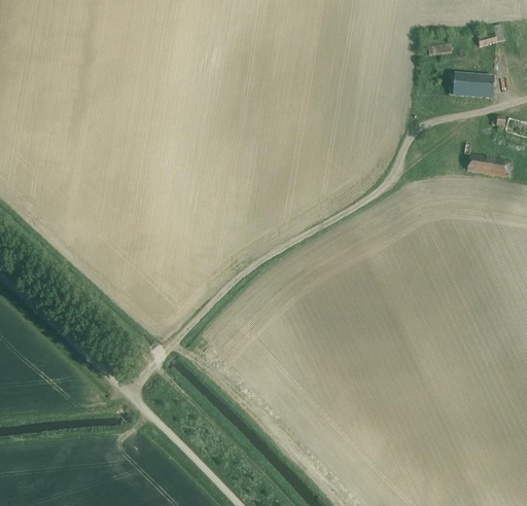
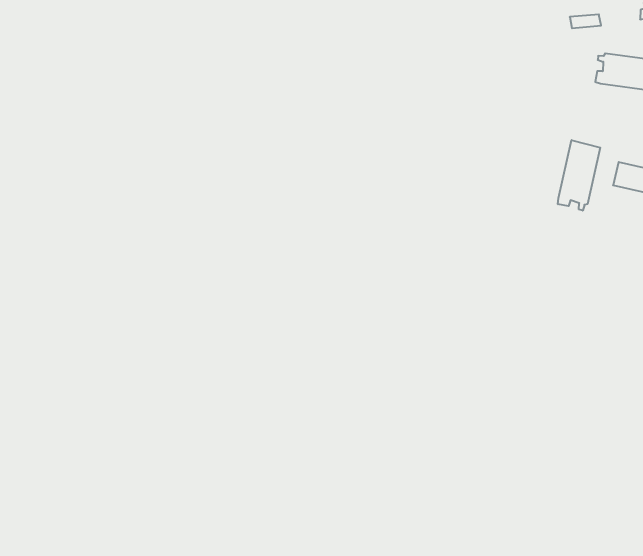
building: none -> [558,140,600,211]

